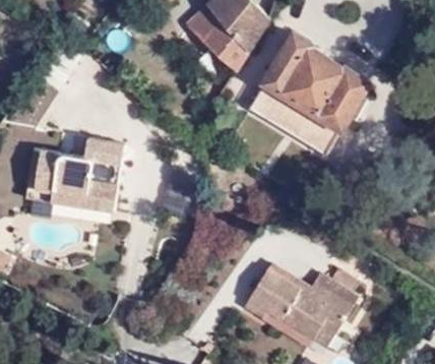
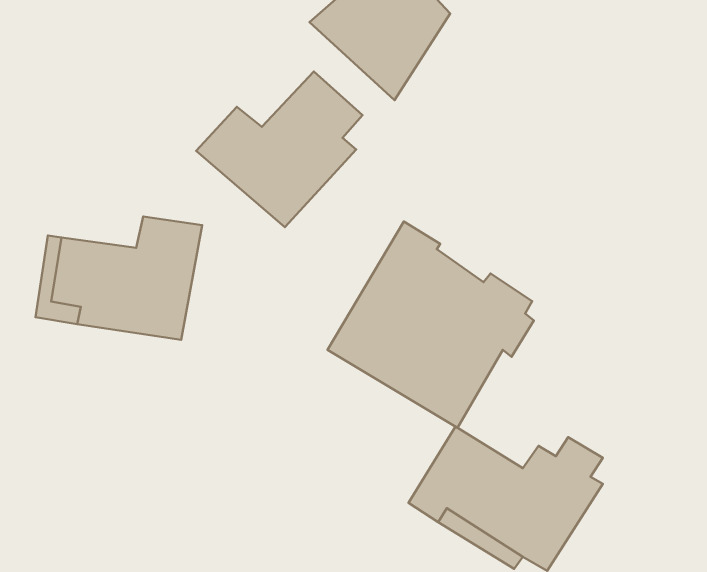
building: [249,34,370,155] -> [328,221,534,428]
building: none -> [196,72,362,227]

